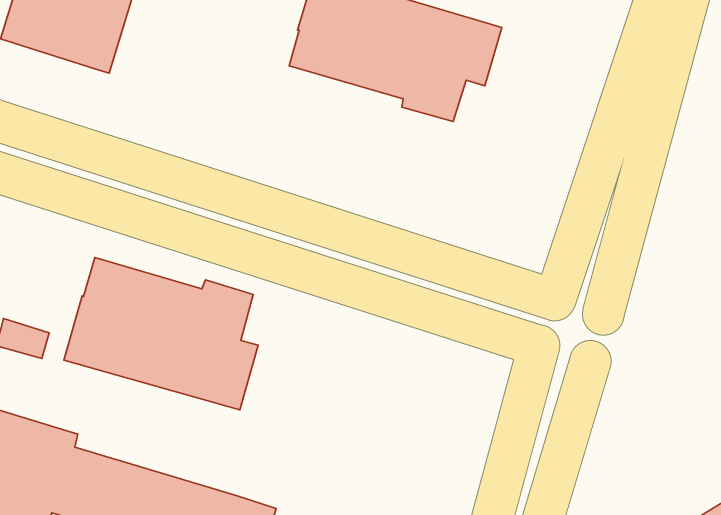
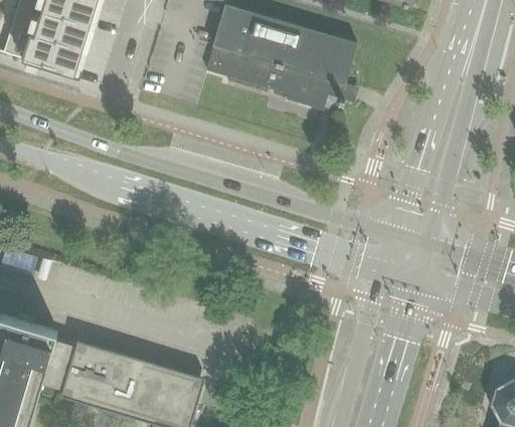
building: [64,257,258,410] -> none

